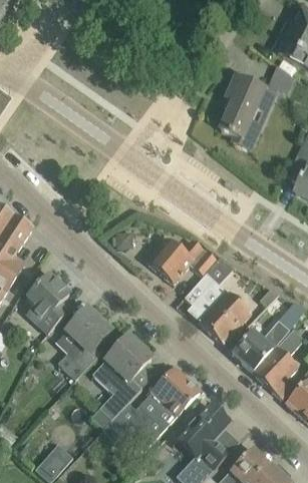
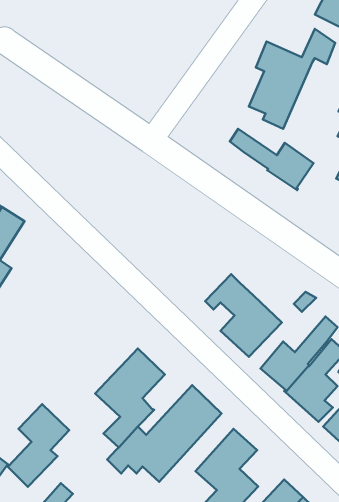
building: none -> [230,129,314,190]
building: [146,235,217,283] -> none
building: [26,272,69,332] -> none
building: [57,308,109,378] -> [8,404,69,487]

